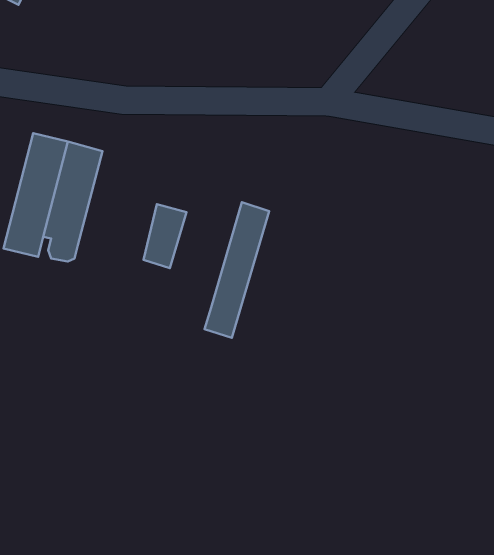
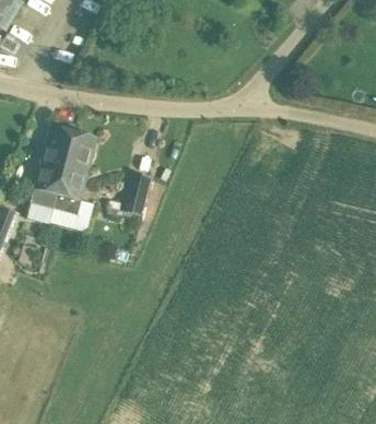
building: [205,202,269,338] -> none

